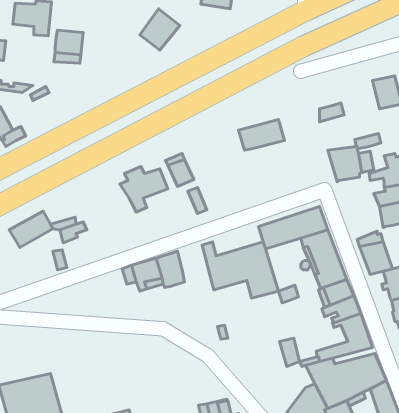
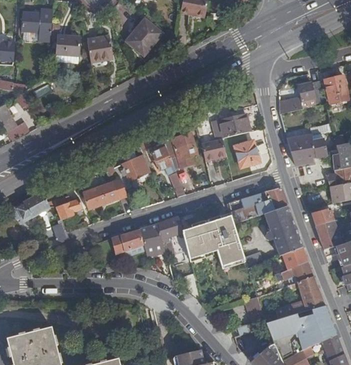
building: none -> [85,35,110,59]
building: none -> [299,81,324,107]
building: none -> [171,131,199,168]
building: none -> [201,137,227,159]
building: none -> [235,139,260,166]
building: none -> [81,179,127,208]
building: none -> [159,217,189,254]

